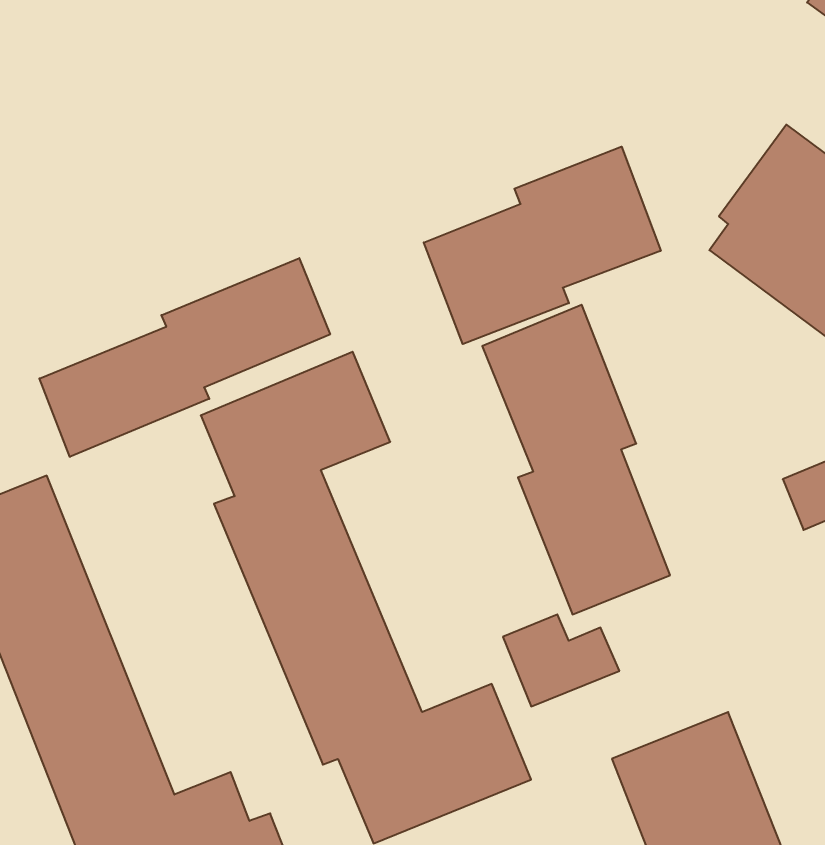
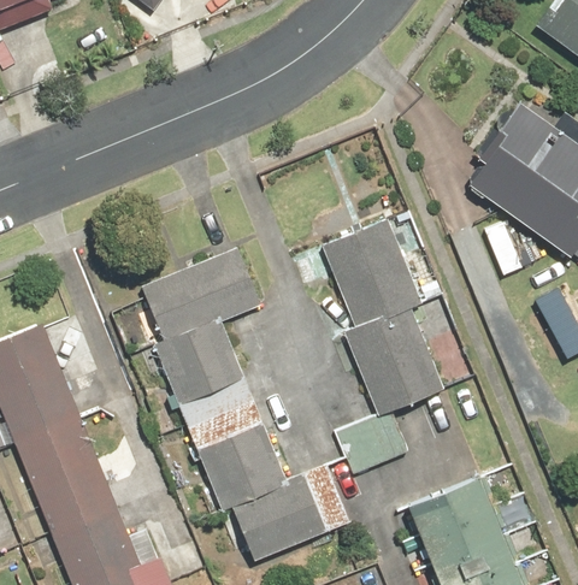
building: [424,147,661,344] -> none
building: [39,258,330,457] -> none

